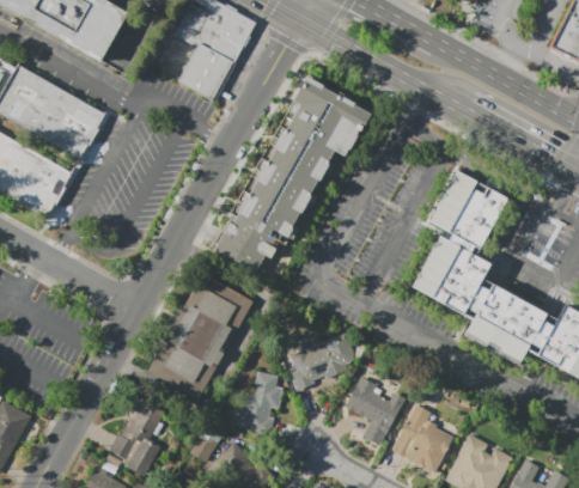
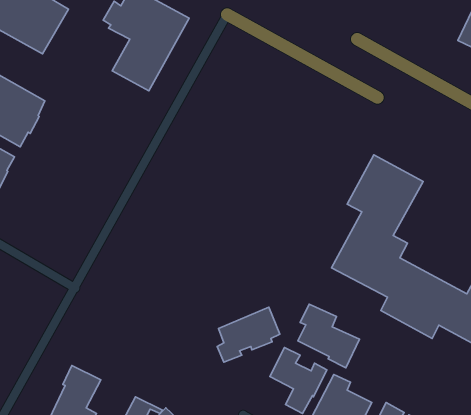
building: [214,73,370,275] -> none
building: [148,273,252,399] -> none
building: none -> [298,304,359,368]
building: [234,370,282,435] -> none

